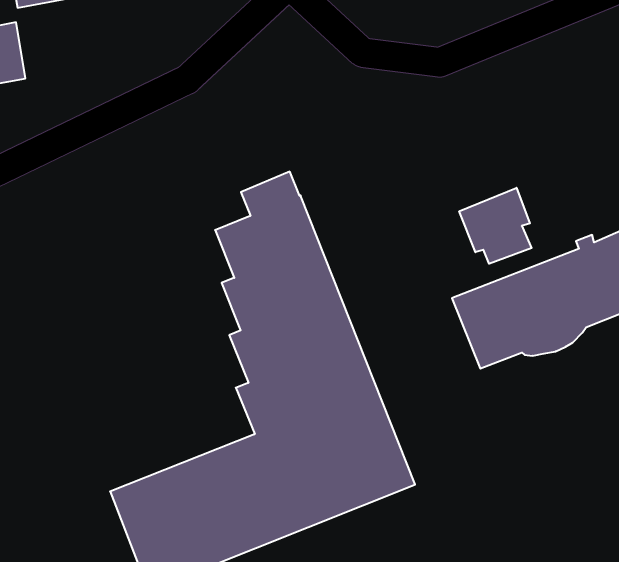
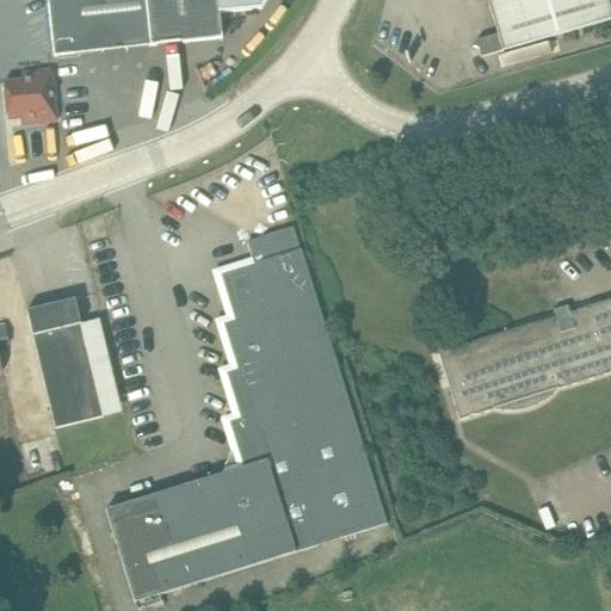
building: [459,188,532,264] -> none
building: none -> [27,296,105,426]

